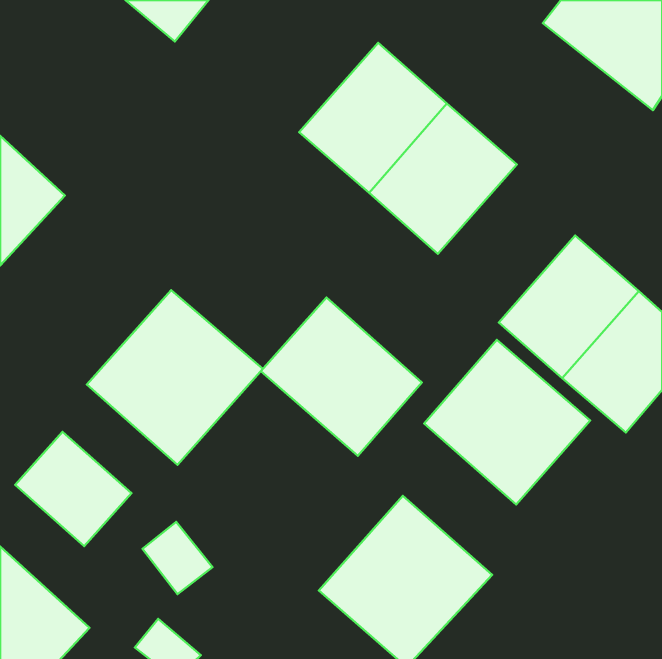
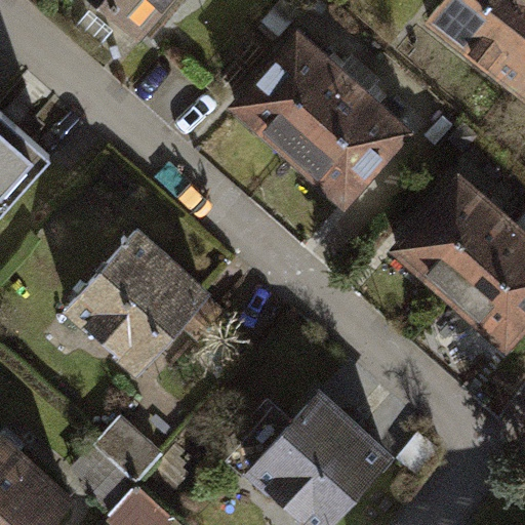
building: [261,298,422,456] -> none
building: [424,340,590,505] -> none
building: [15,432,132,546] -> none

